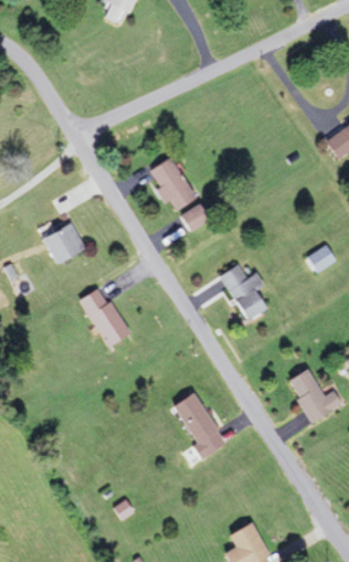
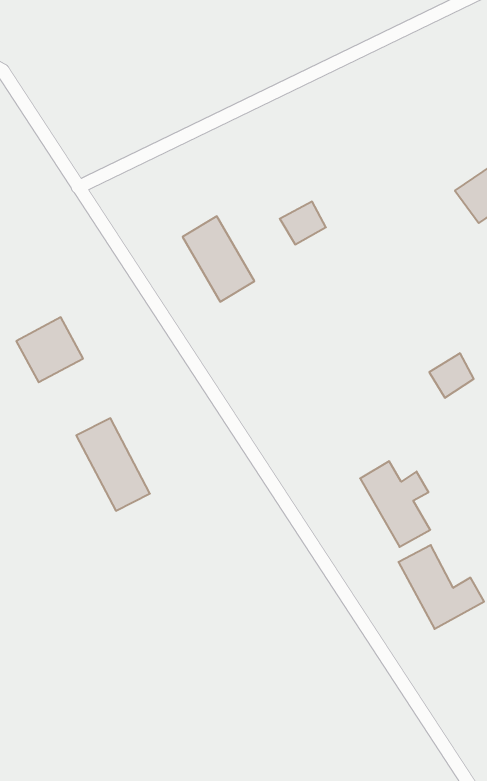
building: [180,204,210,232] -> [280,202,326,244]
building: [221,265,266,320] -> [360,461,430,547]
building: [172,393,226,457] -> none

